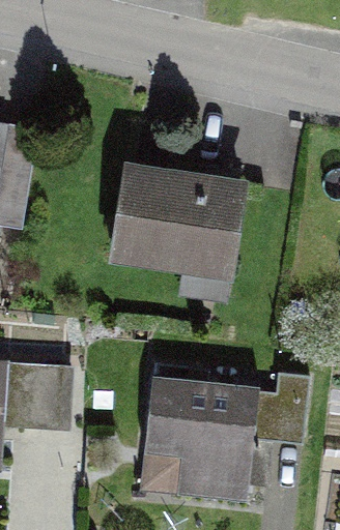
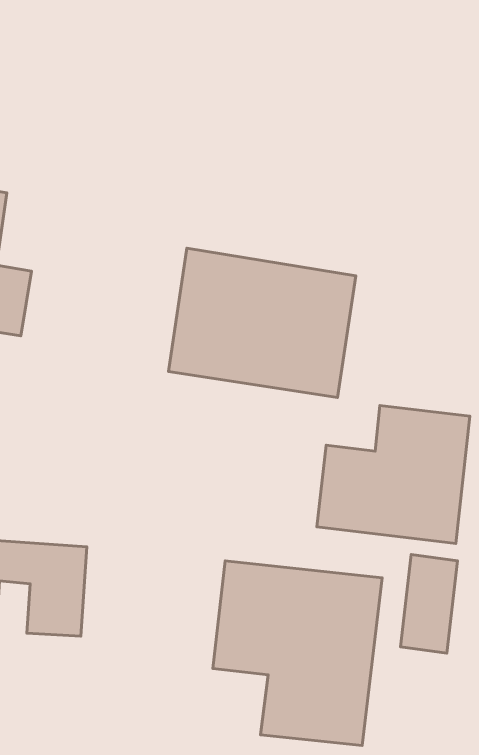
building: none -> [317,405,470,544]

